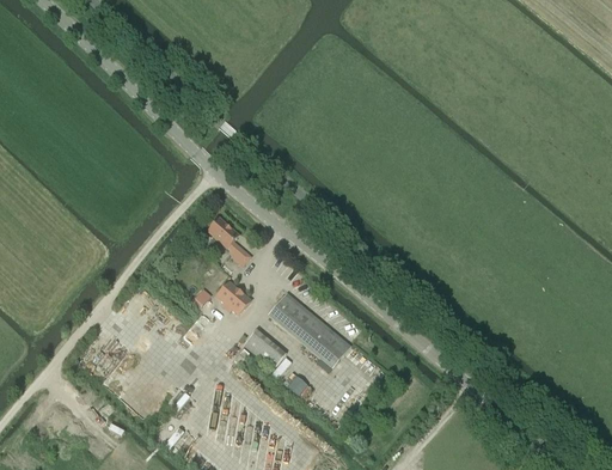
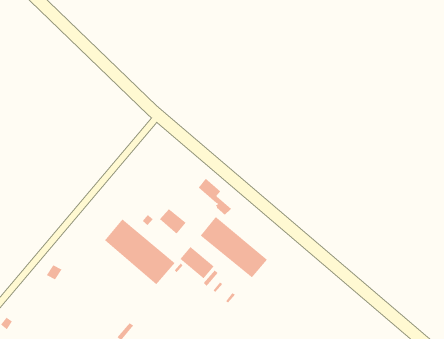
building: [208,218,250,264] -> [198,178,232,216]
building: none -> [104,219,175,285]

